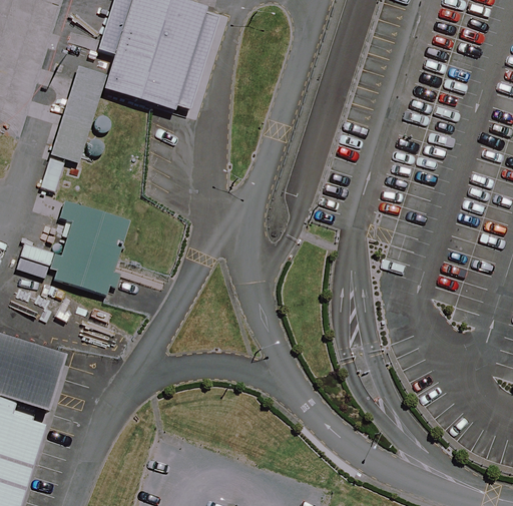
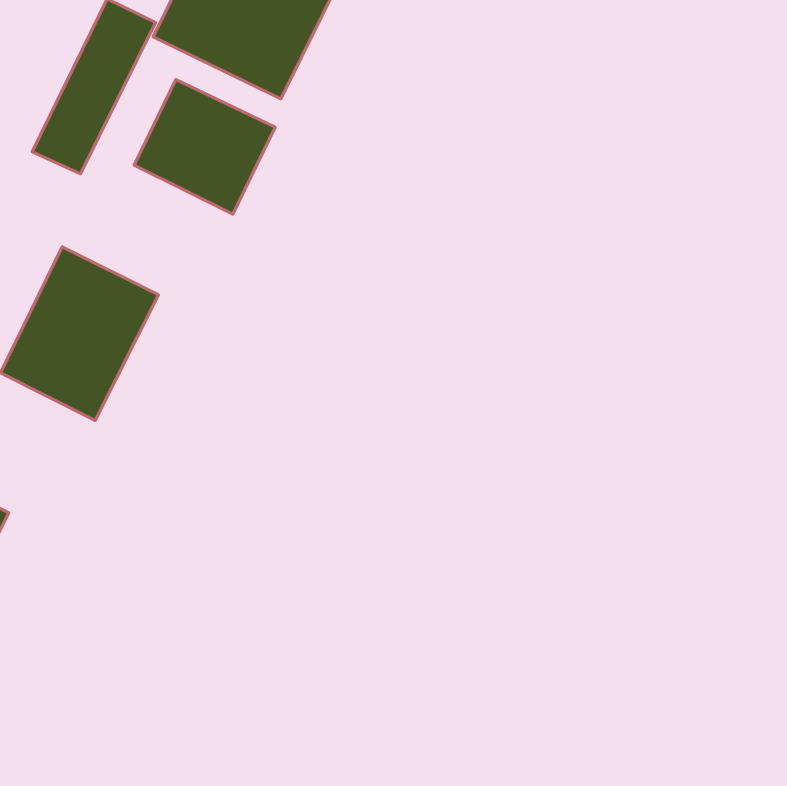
building: none -> [134,79,275,214]

